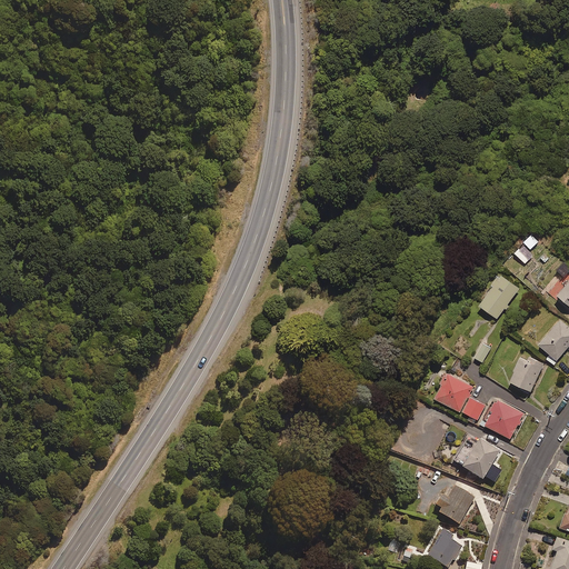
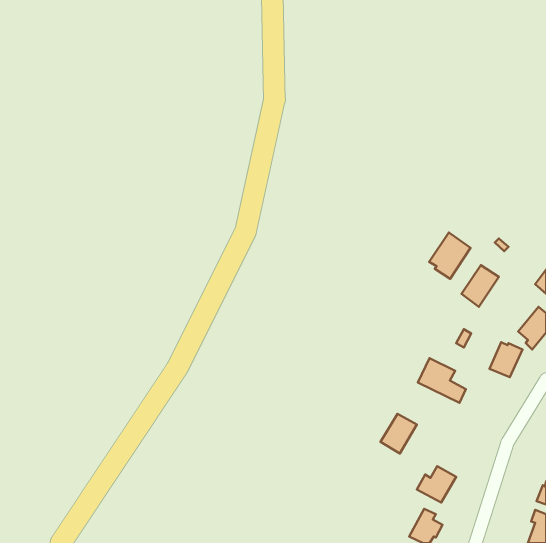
building: none -> [429,233,470,279]
building: [485,399,522,437] -> none
building: [461,438,499,479] -> [381,414,417,453]

